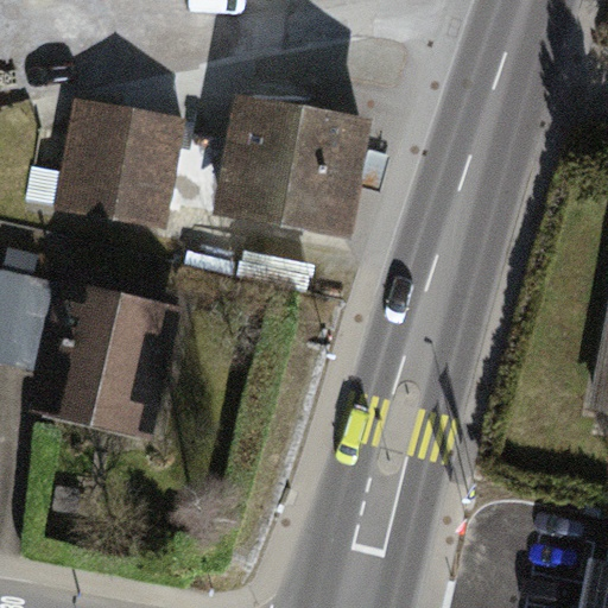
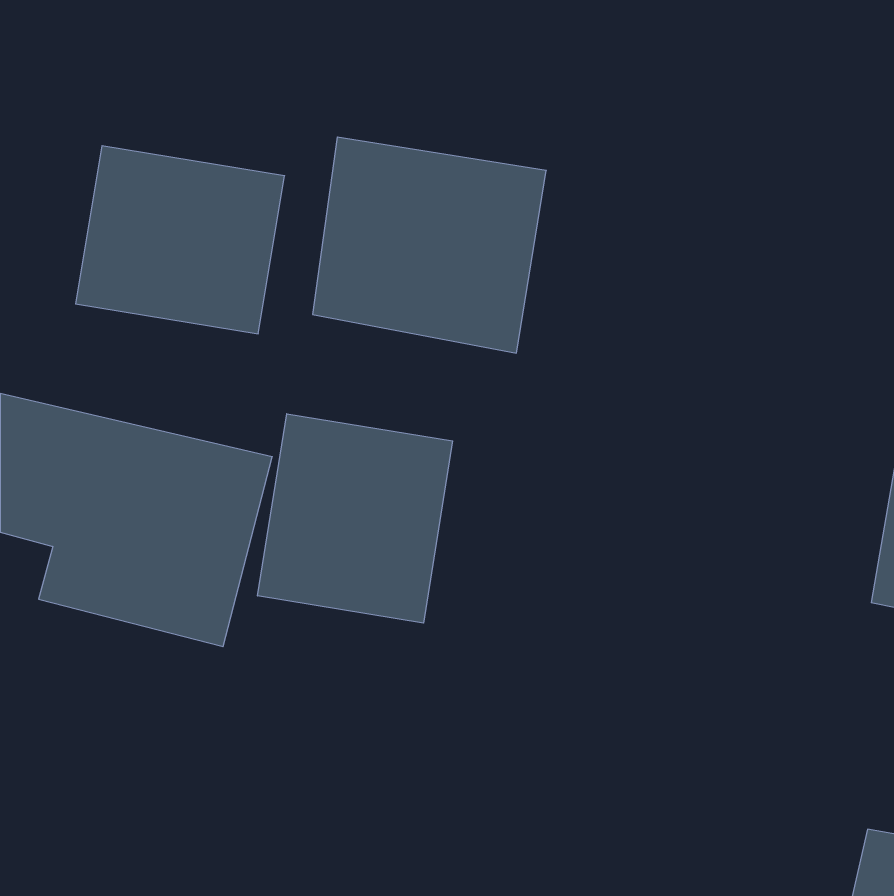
building: none -> [258,414,453,623]

